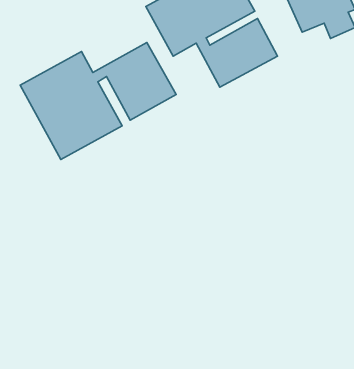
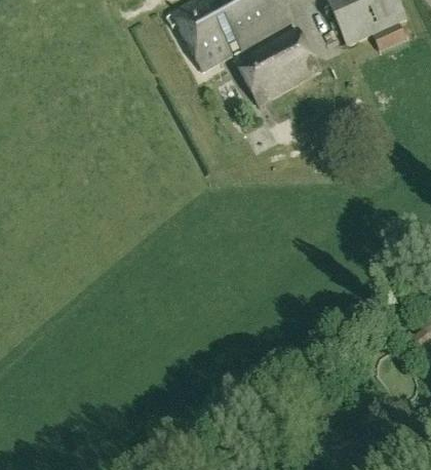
building: [20,42,176,159] -> none

